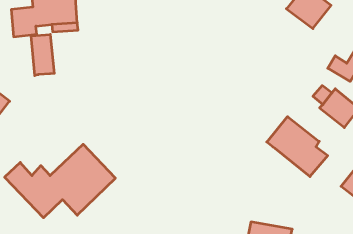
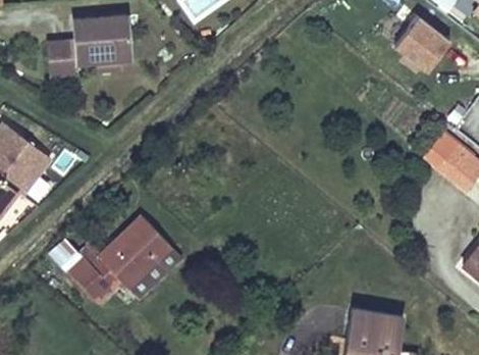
building: [31,34,54,76] -> none
building: [267,117,328,177] -> none

